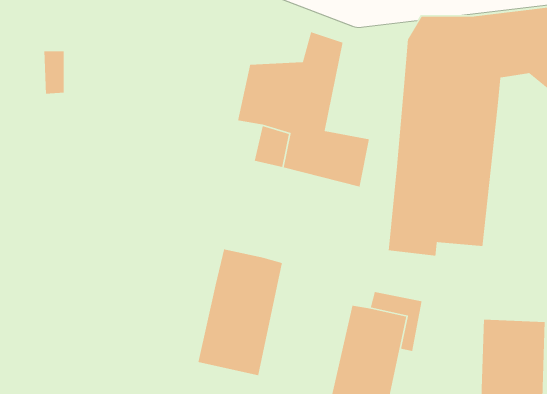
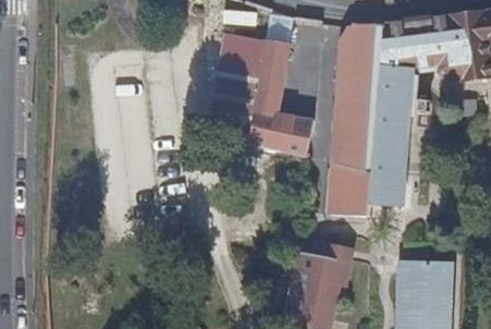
building: [198,248,283,376] -> none

